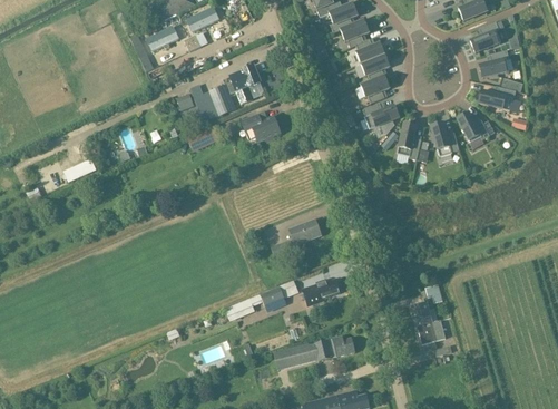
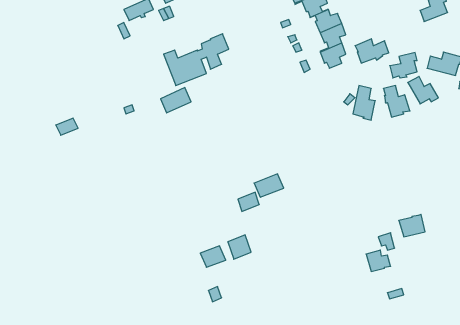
building: [479,49,509,77] -> [390,53,417,78]
building: [362,101,399,128] -> [355,39,389,63]
building: [239,110,281,142] -> none
building: [303,279,340,300] -> none
building: [417,319,446,343] -> [399,214,425,237]
building: [273,335,354,370] -> none

